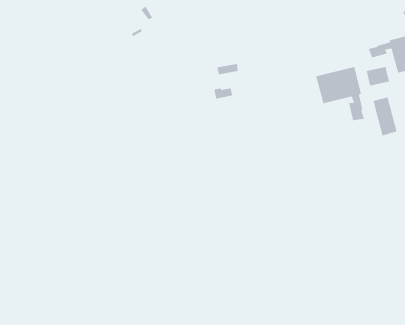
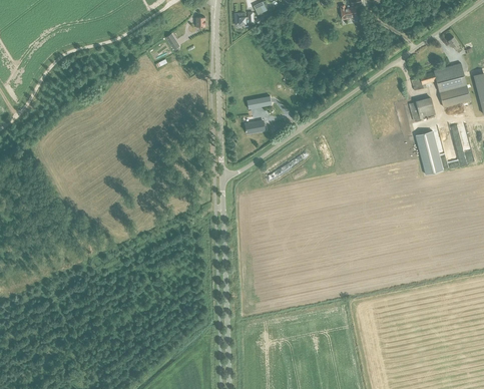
building: [315,66,365,121] -> none

